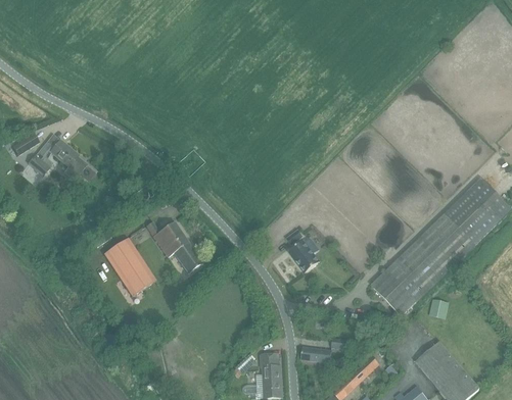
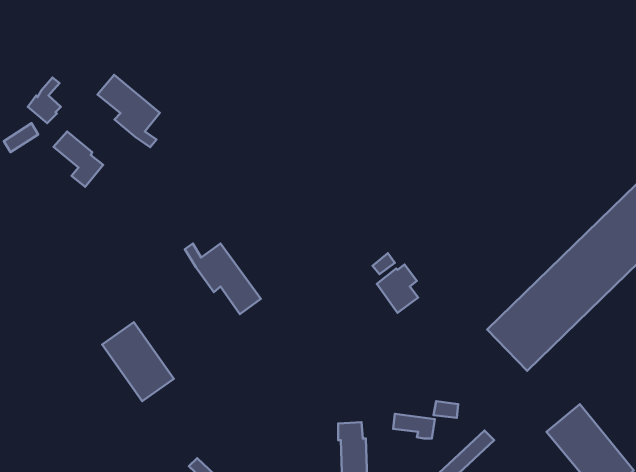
building: none -> [97,75,160,147]
building: [28,141,52,174] -> [28,78,61,123]
building: [104,239,157,297] -> [102,322,174,401]

